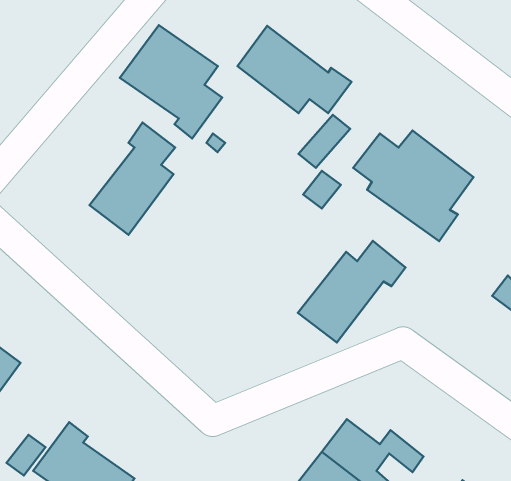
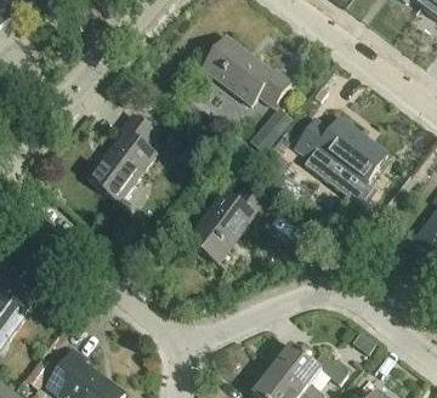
building: [120,25,222,139] -> none
building: [298,241,405,342] -> [185,182,268,261]

